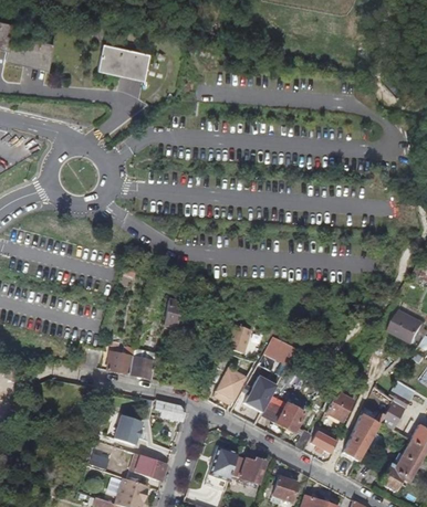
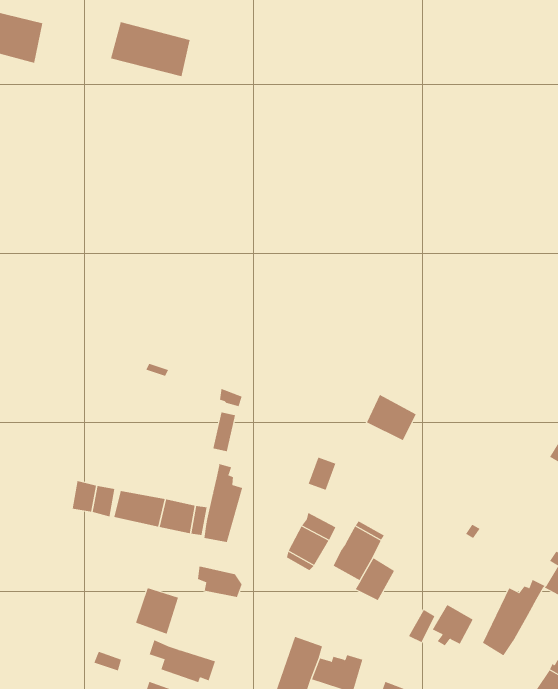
building: none -> [204,463,243,543]
building: [263,335,296,366] -> [366,394,416,441]
building: [324,392,353,422] -> none
building: [274,404,303,434] -> none

